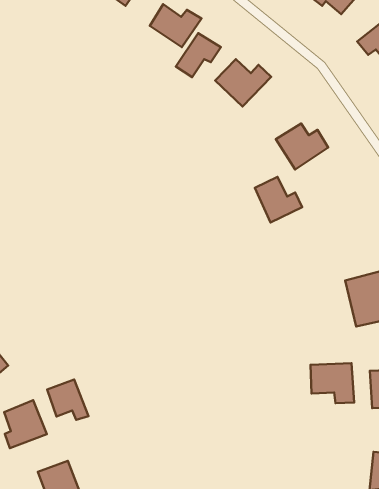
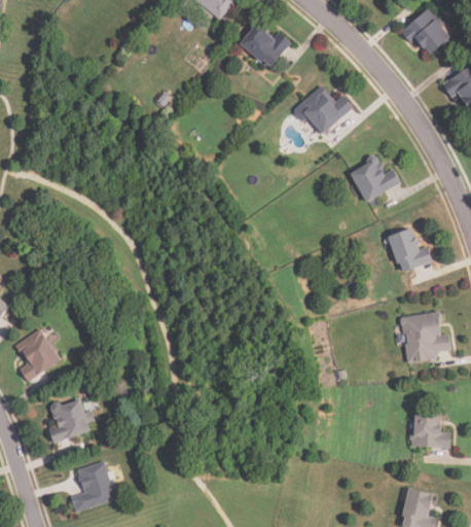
building: [176,33,221,77] -> none
building: [255,177,302,223] -> [388,229,432,273]
building: [310,363,354,403] -> none
building: [47,380,88,420] -> none

